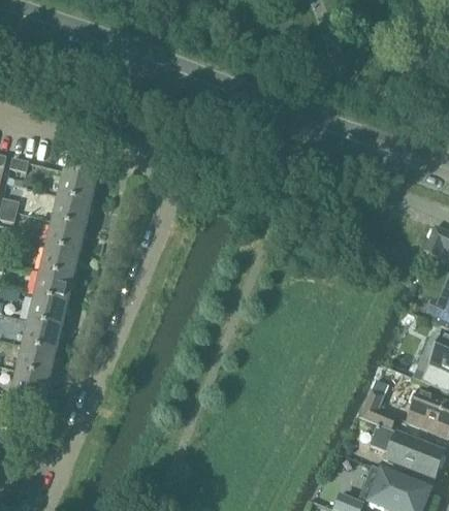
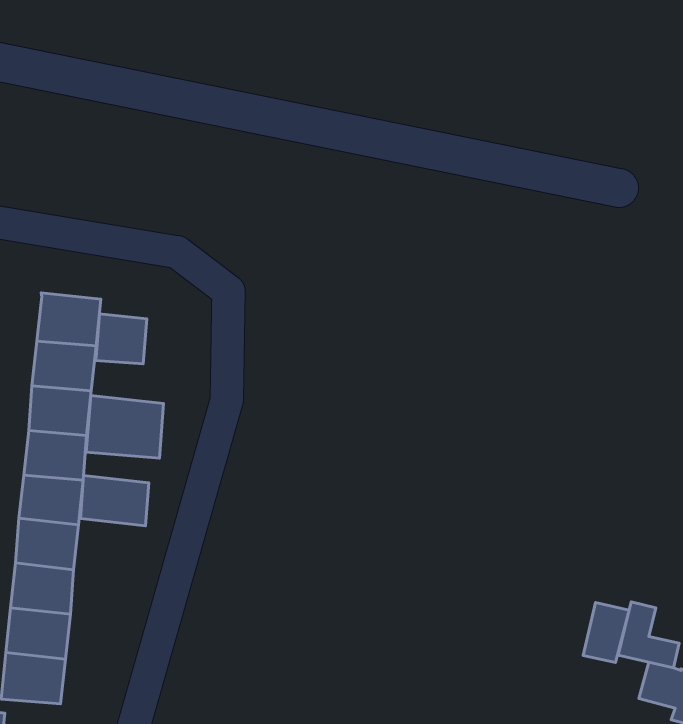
building: none -> [95,314,147,364]
building: none -> [86,395,163,458]
building: none -> [80,476,149,526]
building: none -> [583,602,629,663]

